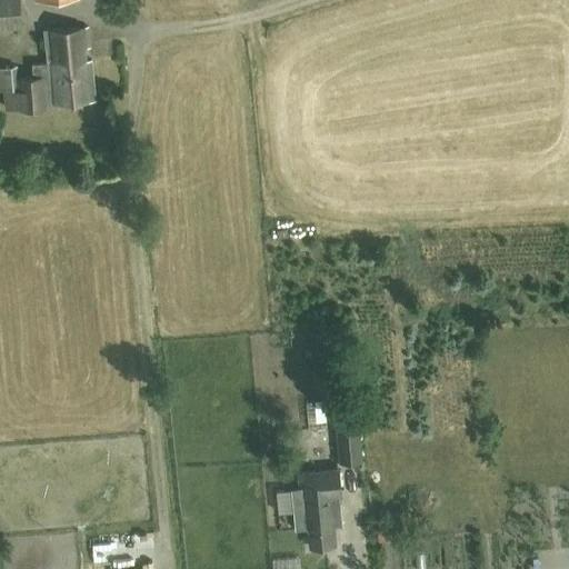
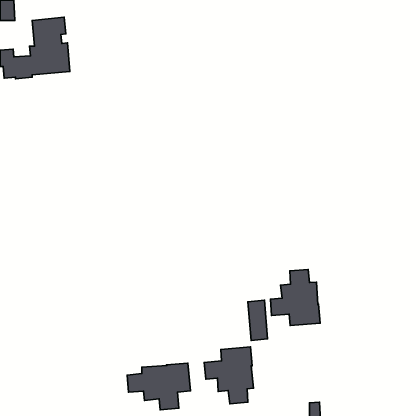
building: none -> [270,269,320,326]
building: none -> [127,363,190,410]

